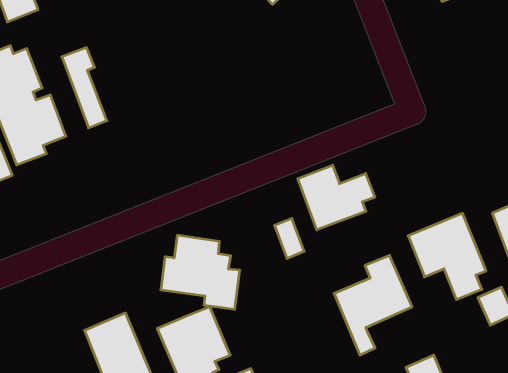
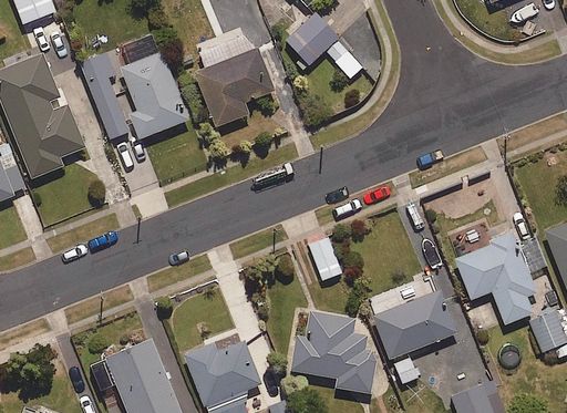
building: none -> [284,12,363,79]
building: none -> [194,28,274,127]
building: none -> [117,51,188,141]
building: [298,165,375,230] -> none
building: [161,235,240,309] -> [290,313,375,393]

